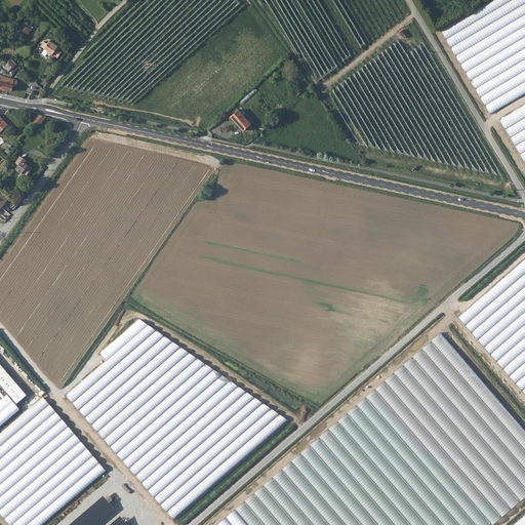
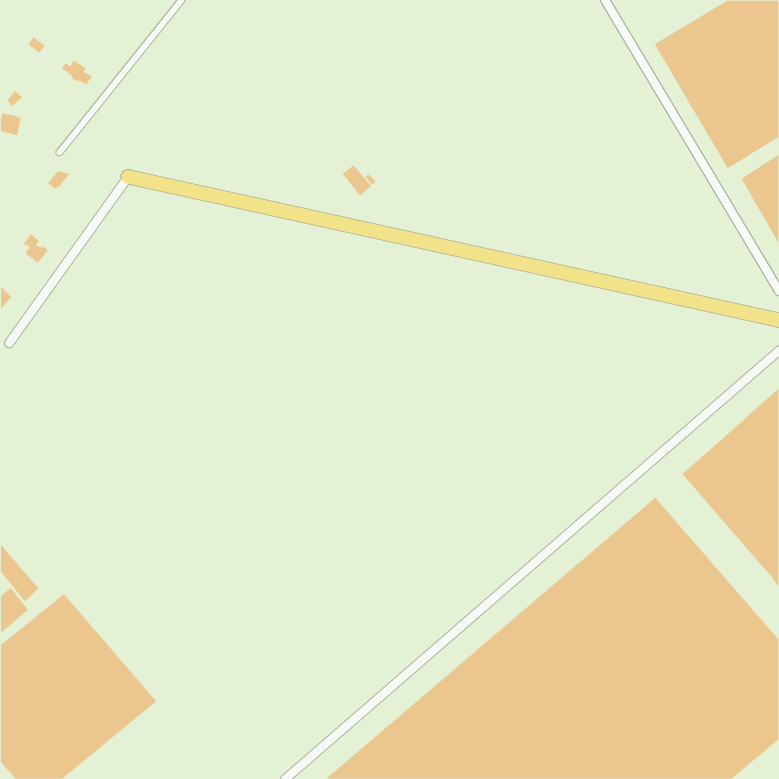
building: [66,321,288,520] -> none

